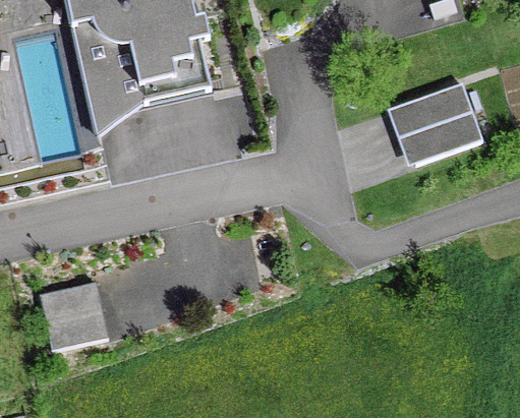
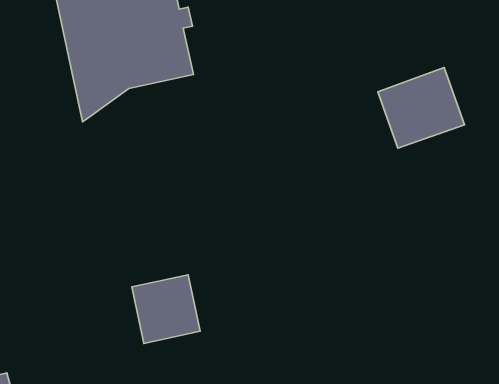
building: [39,279,108,348] -> [132,275,200,343]

